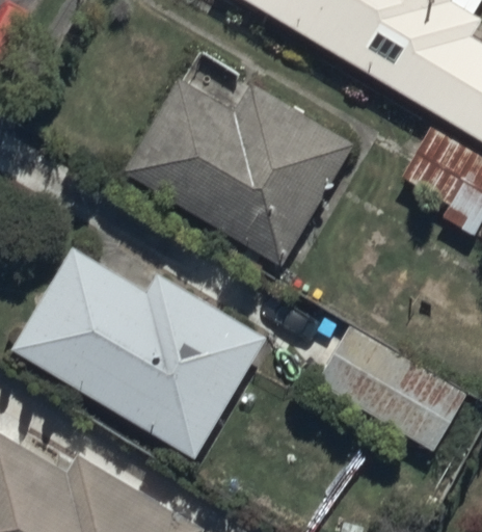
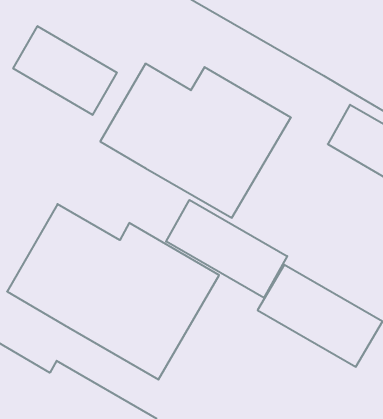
building: none -> [13,26,117,115]
building: none -> [166,200,287,298]

